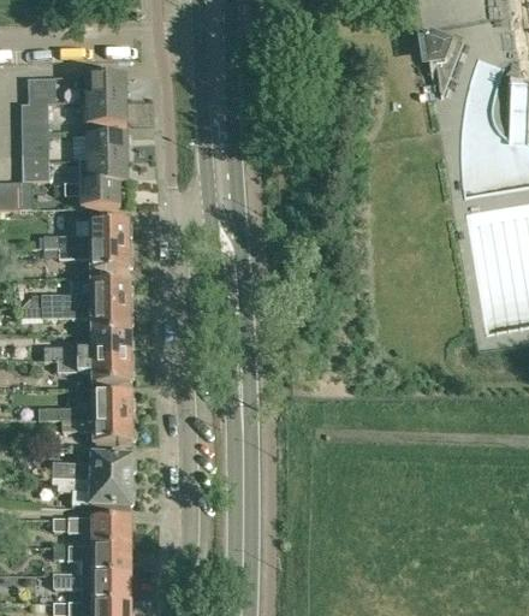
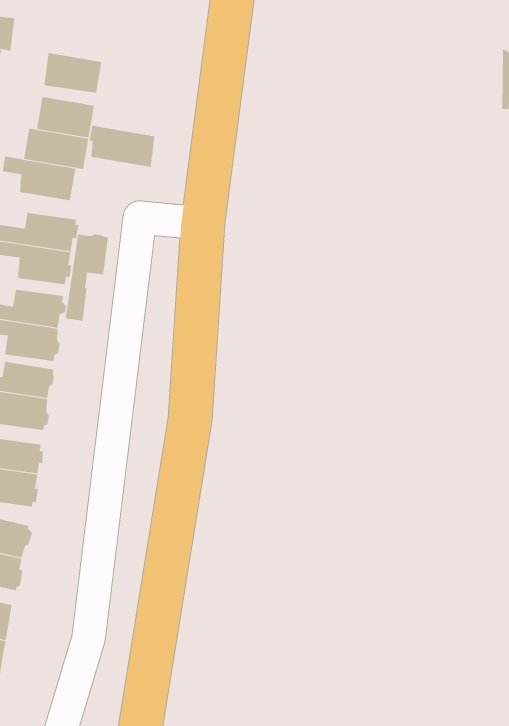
building: [76,75,126,99] -> [89,125,155,168]
building: none -> [65,234,108,321]

